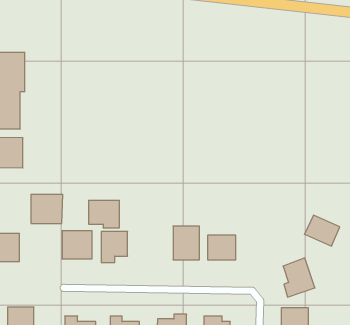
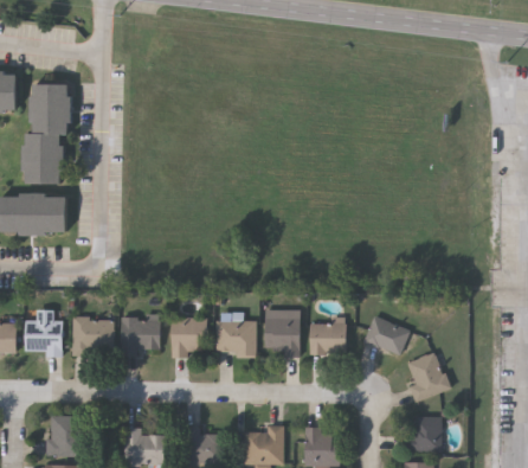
building: [31,194,63,223] -> [75,319,116,357]
building: [89,200,119,228] -> [215,321,256,357]
building: [304,215,340,246] -> [363,316,410,357]

